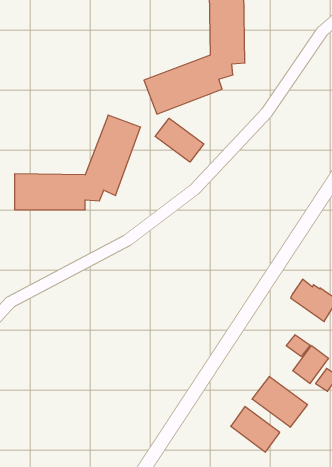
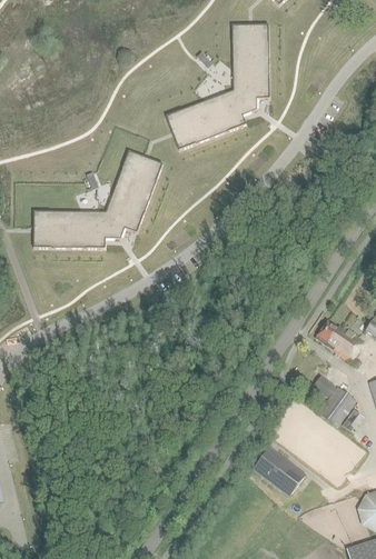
building: [155,118,204,162] -> none
building: [252,376,307,427] -> none

